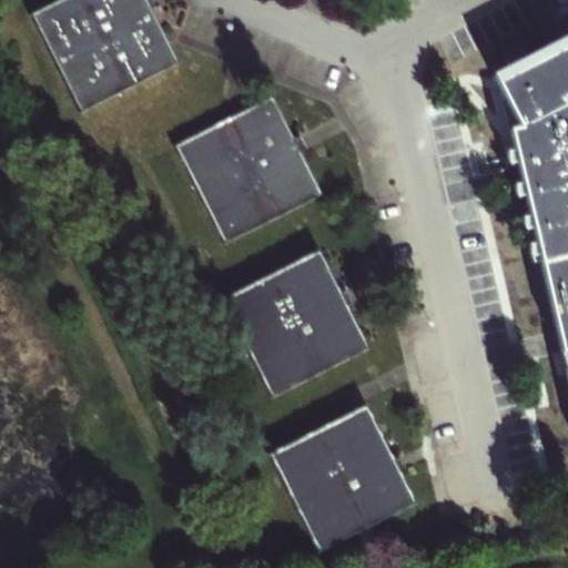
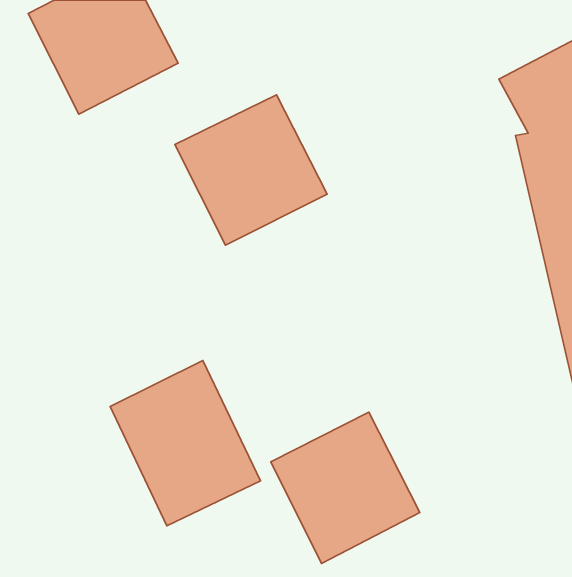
building: [222,247,371,397] -> none
building: none -> [110,360,260,526]

